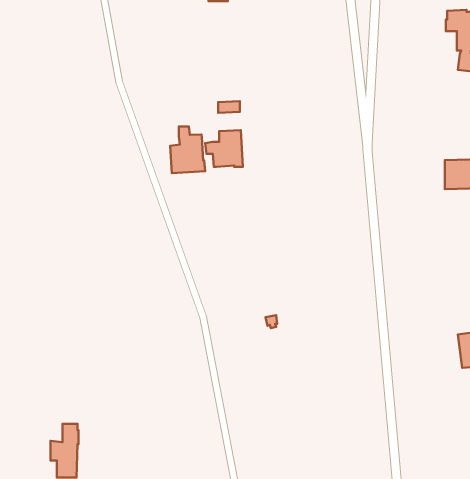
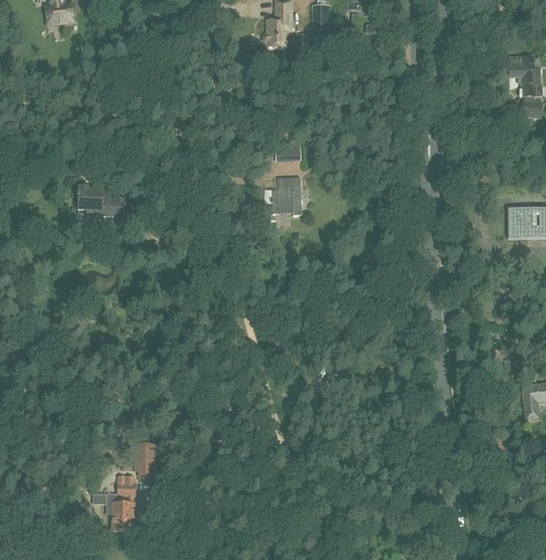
building: [170,126,205,173] -> none
building: none -> [77,185,125,218]
building: none -> [135,446,155,475]

